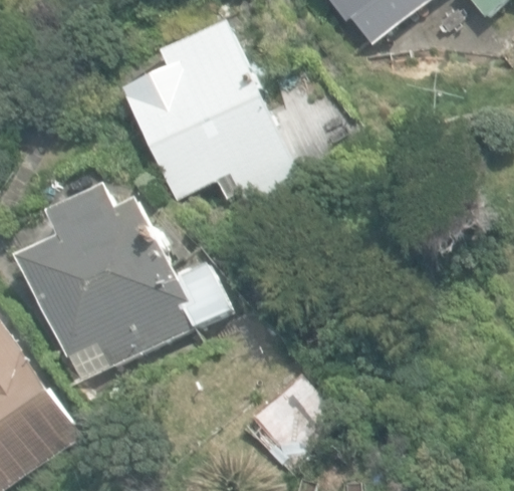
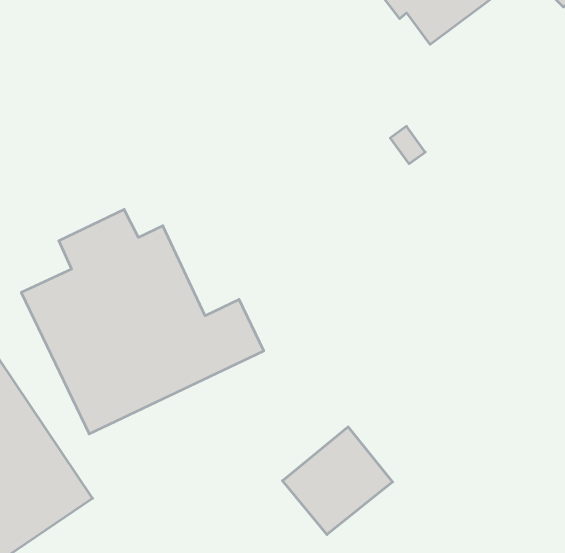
building: [122,21,295,202] -> none

